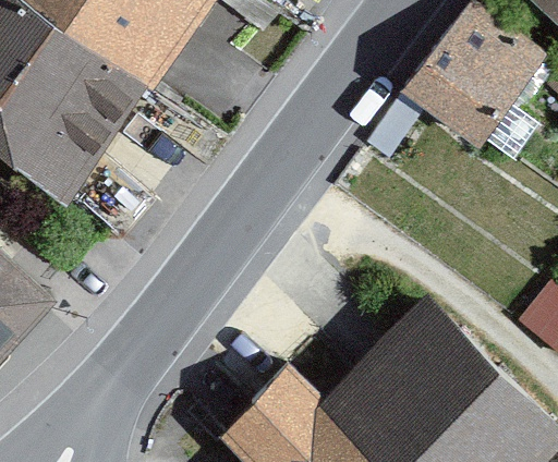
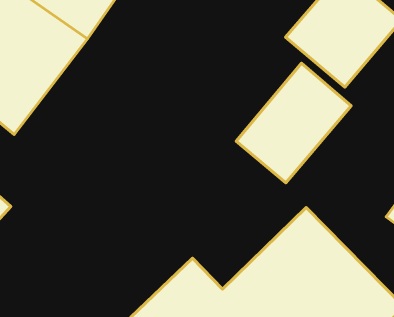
building: none -> [236,63,351,183]

